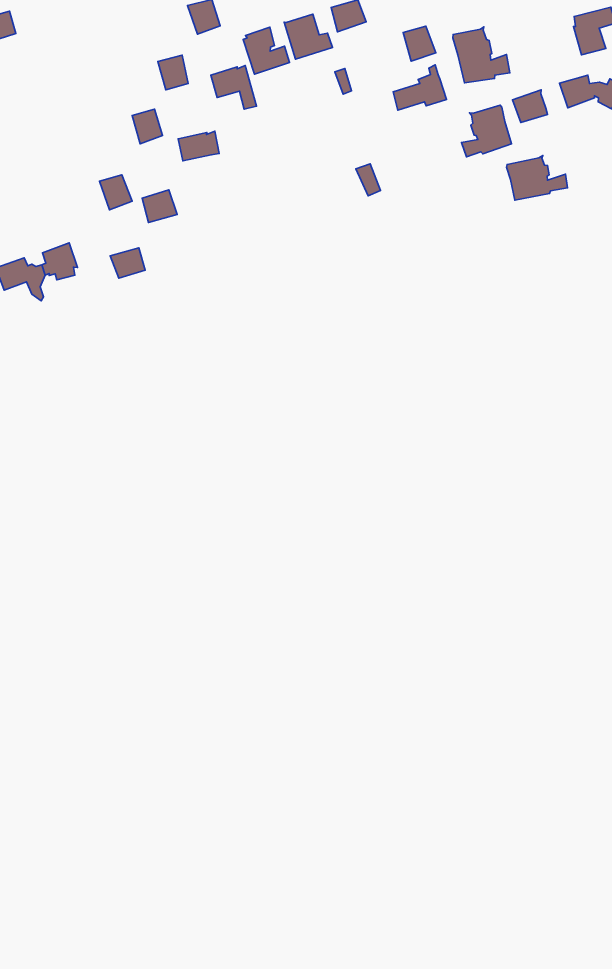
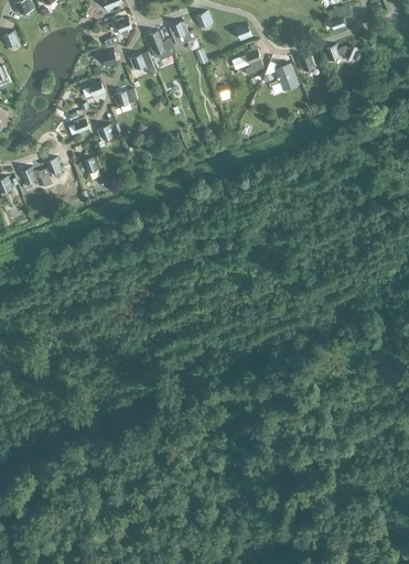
building: [453,27,510,83] -> none
building: [506,156,568,200] -> none

